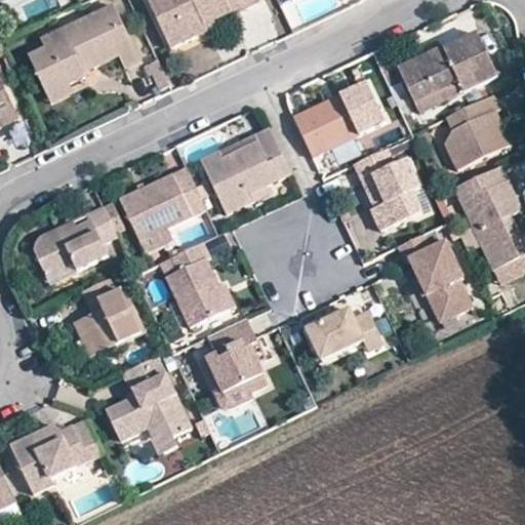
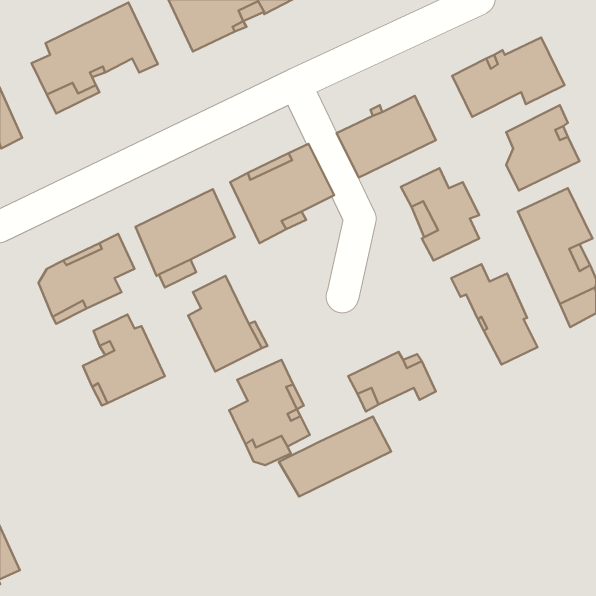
building: [106,355,191,455] -> none
building: none -> [279,416,391,497]
building: [10,417,105,493] -> none

